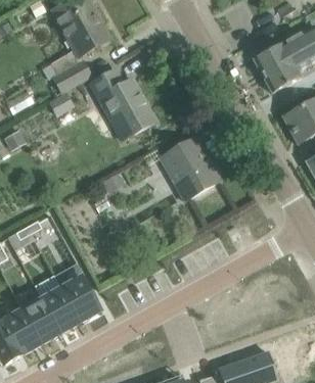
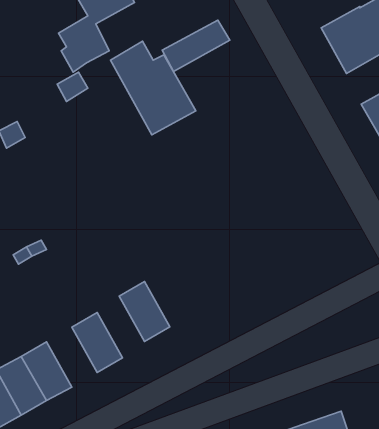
building: none -> [162,20,230,71]
building: [161,138,220,197] -> none
building: [42,287,81,333] -> [119,282,170,342]

